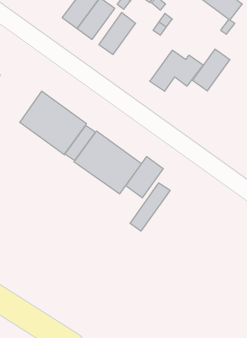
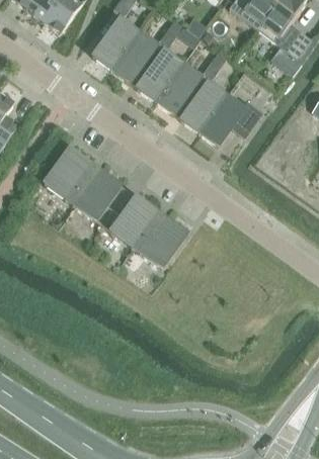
building: none -> [154,62,200,112]
building: [192,49,230,91] -> [180,81,226,131]
building: [126,157,163,198] -> none
building: [130,183,170,231] -> none

